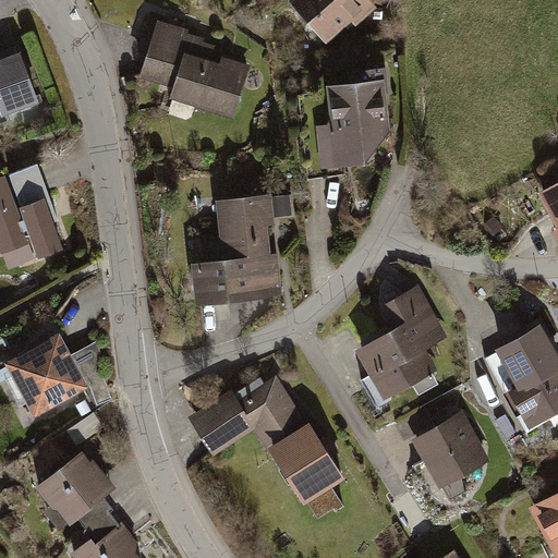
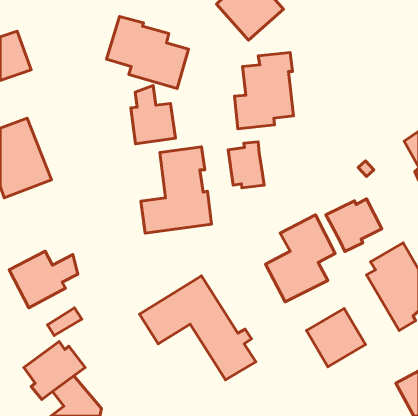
building: none -> [131,86,175,144]
building: none -> [228,142,264,188]
building: none -> [326,199,382,251]

